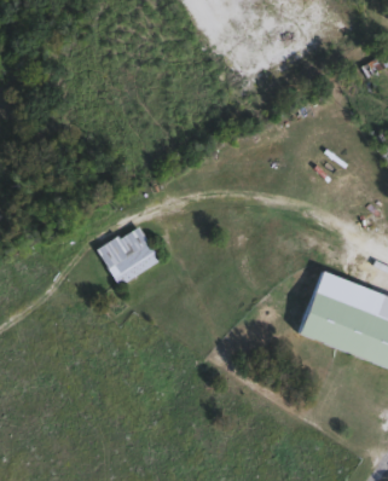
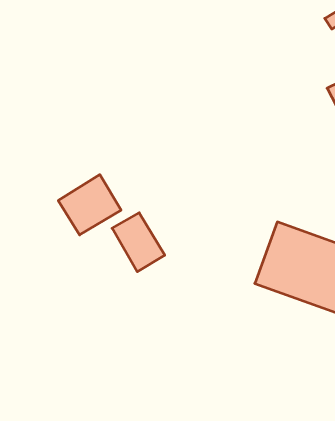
building: none -> [112,213,165,272]

